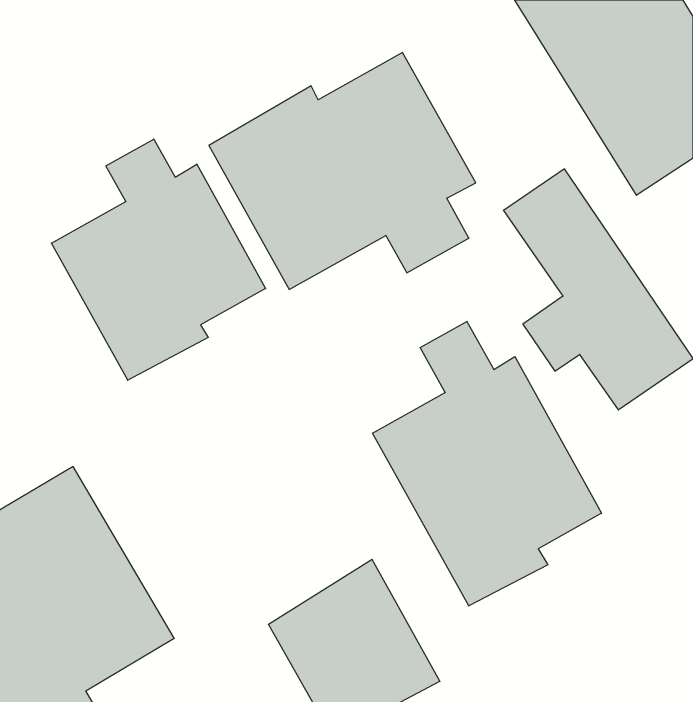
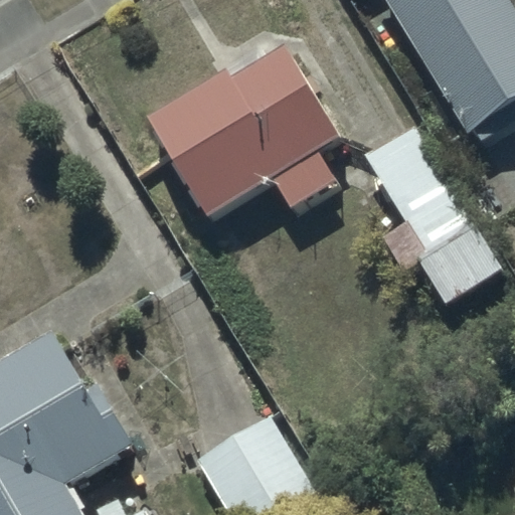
building: [51,139,266,380] -> none
building: [373,321,602,606] -> none

